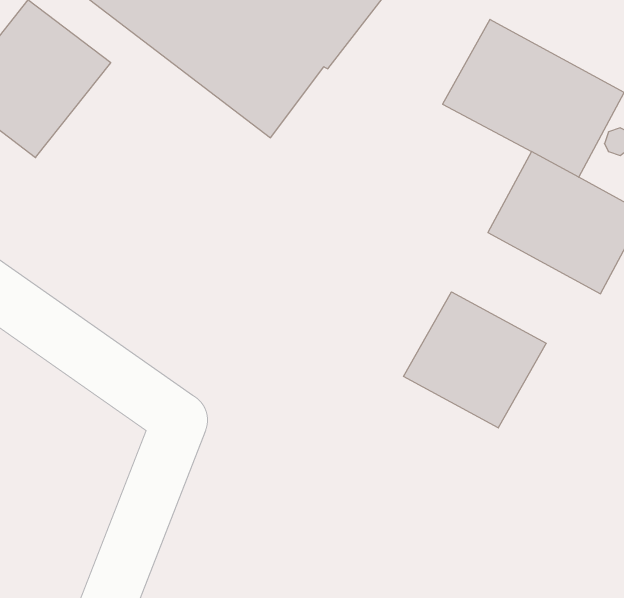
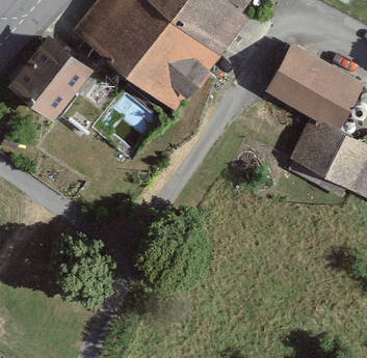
building: [404,292,546,428] -> none

